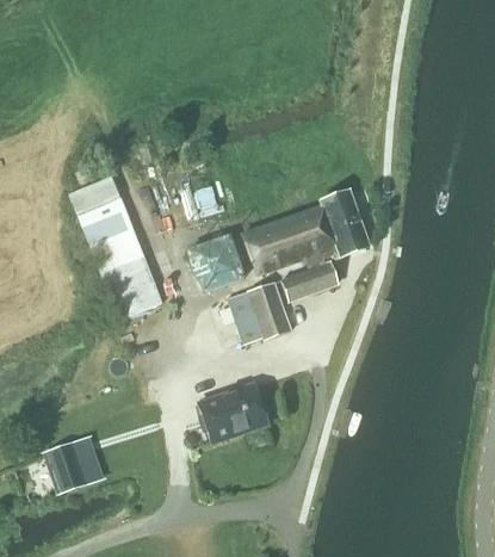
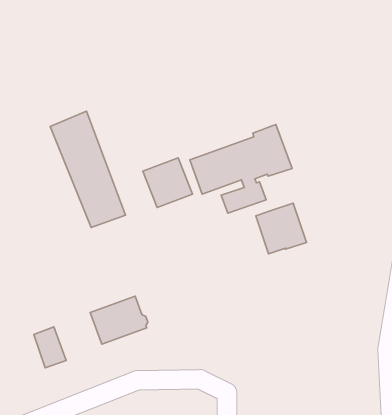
building: [228,281,291,345] -> [256,203,307,254]
building: [198,383,270,442] -> [90,296,148,344]

